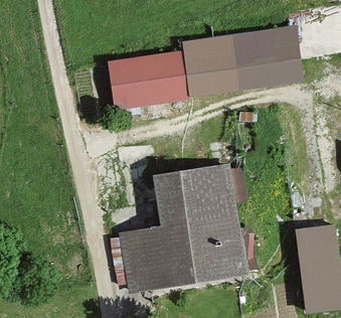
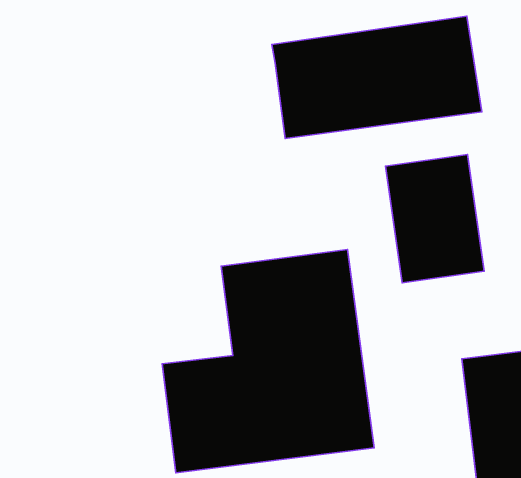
building: [107,52,190,109] -> none
building: none -> [385,154,484,283]

